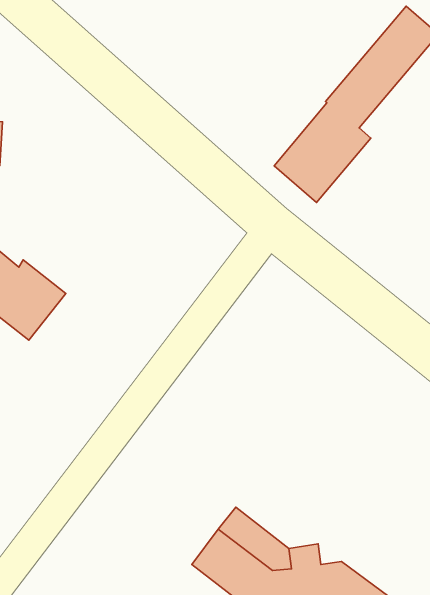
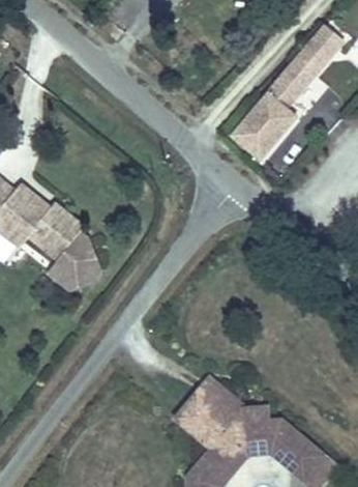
building: none -> [56,227,102,288]

